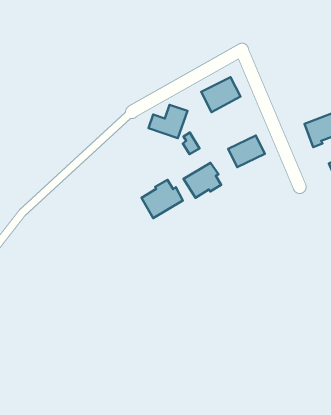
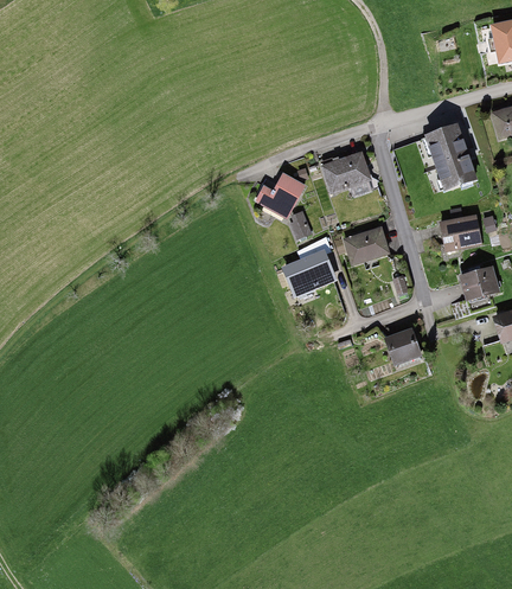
building: none -> [393,126,475,188]
building: [141,180,183,218] -> none
building: none -> [388,329,418,360]

